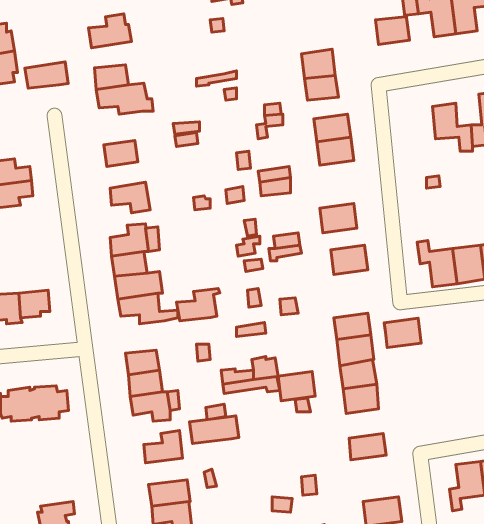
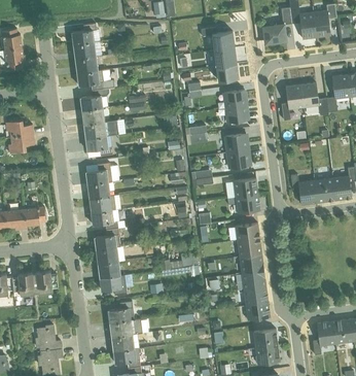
building: none -> [201,27,234,49]
building: [25,62,68,88] -> [73,41,102,59]
building: none -> [281,84,302,119]
building: none -> [80,88,108,110]
building: none -> [83,119,124,139]
building: none -> [223,133,248,152]
building: [177,288,220,321] -> [94,228,122,249]
building: [384,318,421,348] -> [235,194,259,213]
building: [278,372,315,401] -> [243,286,268,306]
building: [189,416,239,444] -> [109,318,142,337]
building: none -> [35,324,61,351]
building: none -> [252,329,278,348]

